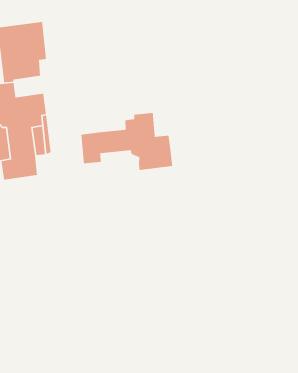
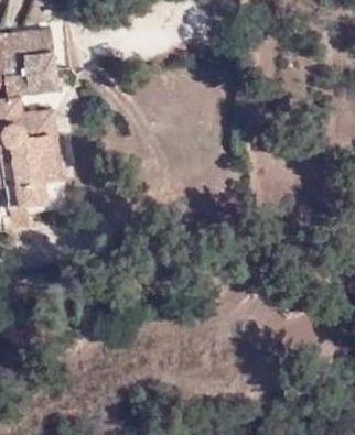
building: [80,112,173,171] -> none

